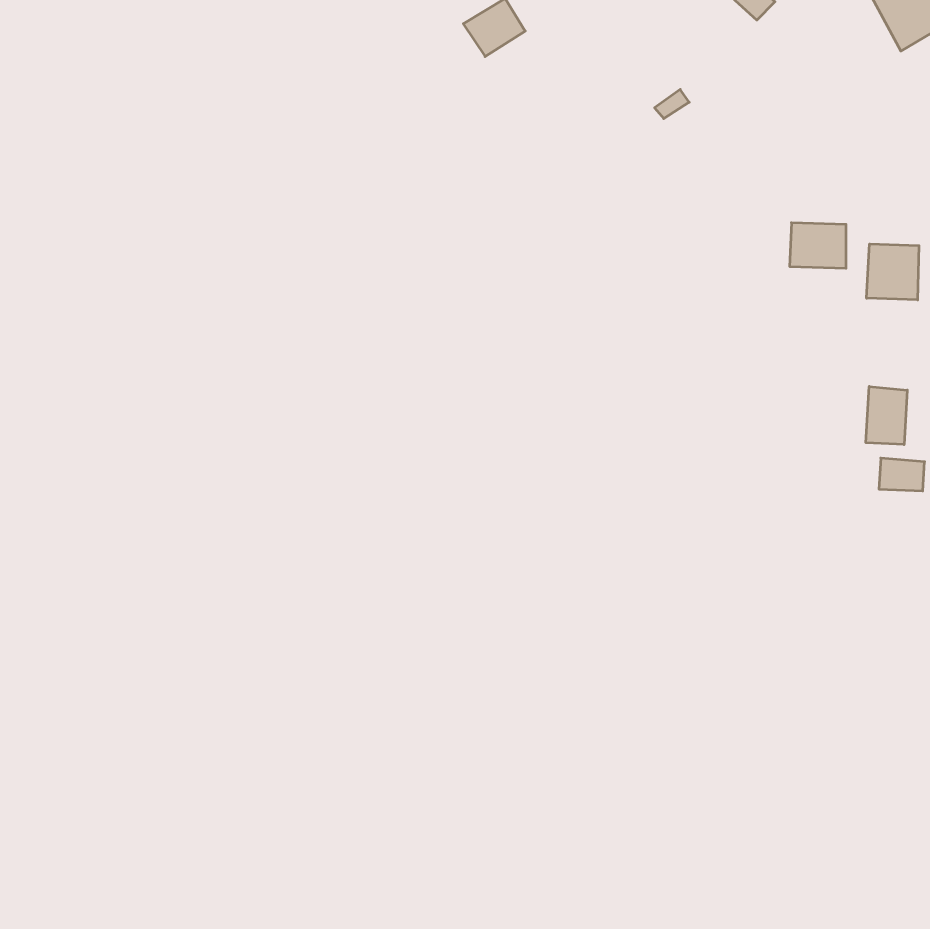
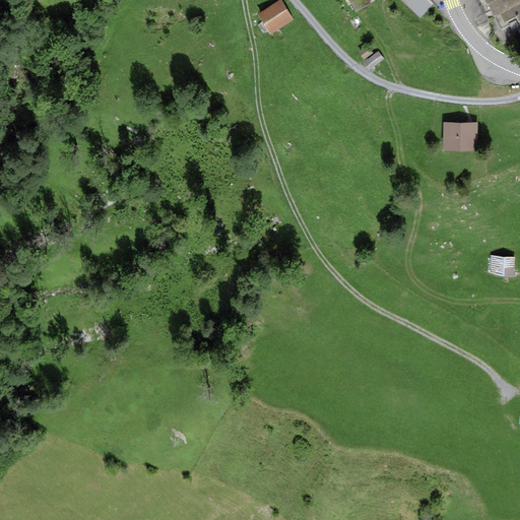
building: [867,244,919,300] -> none
building: [866,386,907,445] -> none

